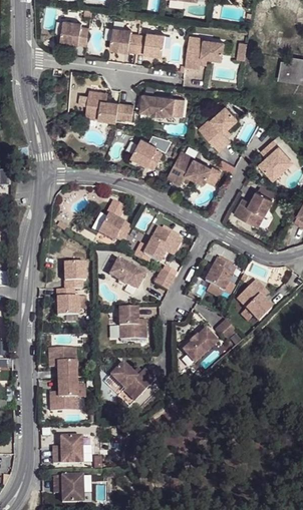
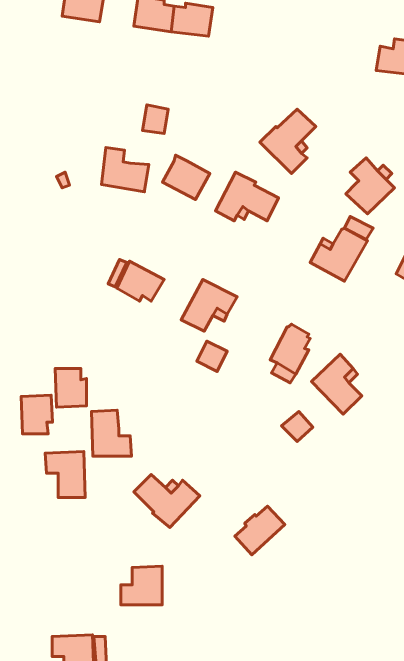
building: [185,37,224,69] -> none
building: [86,91,119,122] -> [102,147,149,192]
building: [141,94,176,116] -> none
building: [108,258,144,288] -> none
building: [62,261,84,288] -> [21,395,53,434]
building: [120,306,148,338] -> [91,410,132,456]
building: [183,328,218,362] -> [235,506,285,555]
building: [50,378,77,410] -> none
building: [52,435,81,462] -> [121,566,162,605]

